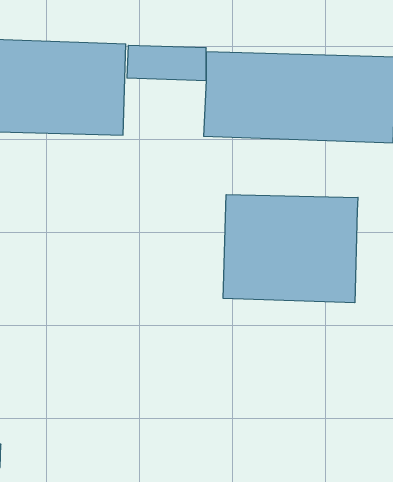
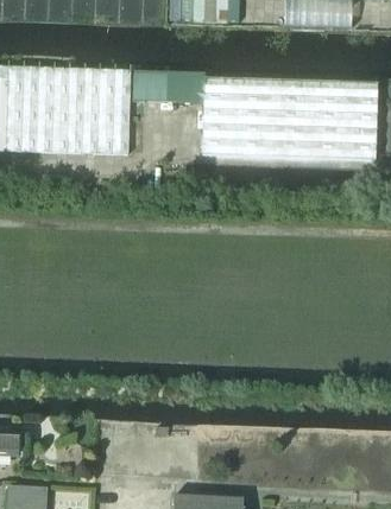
building: [223,195,358,303] -> none

